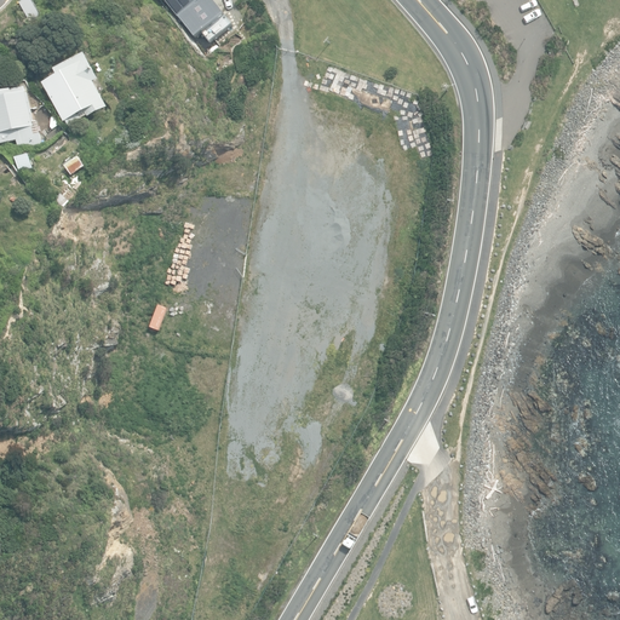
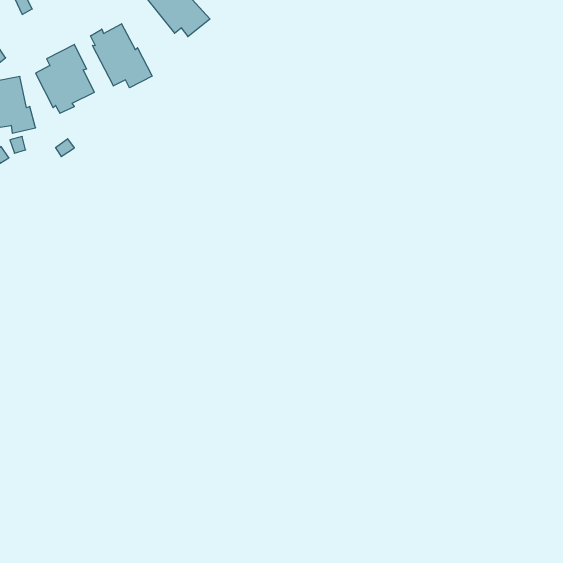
building: none -> [91,24,152,88]

